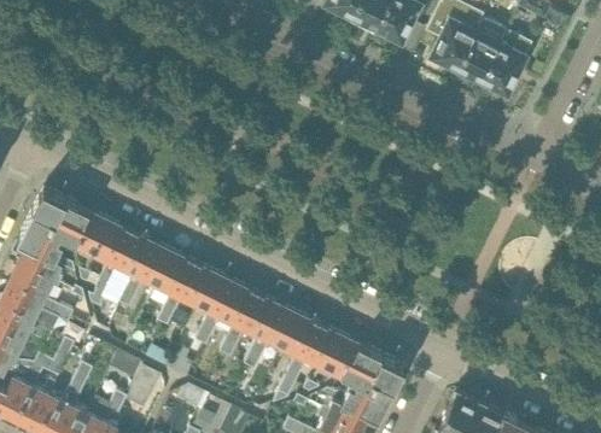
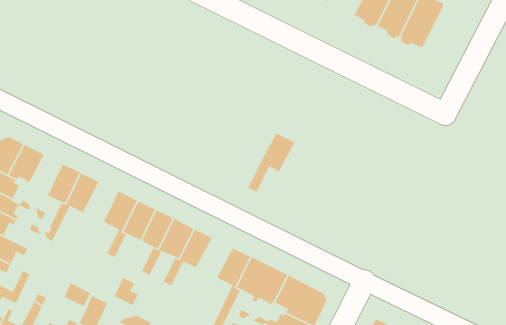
building: [72,211,109,261] -> none
building: [118,241,170,308] -> none
building: [244,303,297,369] -> [248,132,296,192]

